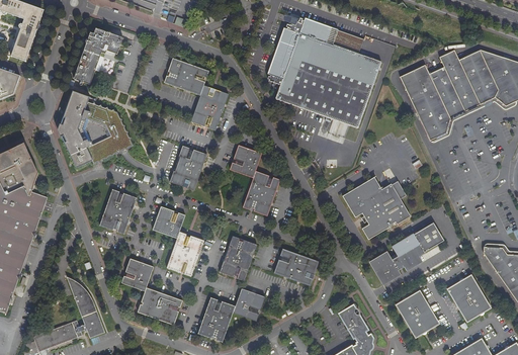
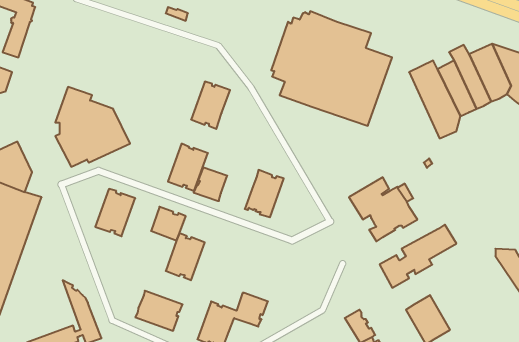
building: [73,27,122,83] -> none
building: [163,58,207,121] -> none
building: [229,145,261,177] -> [194,167,227,201]
building: [219,236,256,280] -> none
building: [272,248,318,285] -> none
building: [120,257,153,290] -> none
building: [447,275,491,323] -> none

